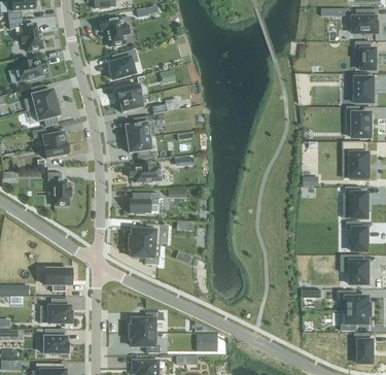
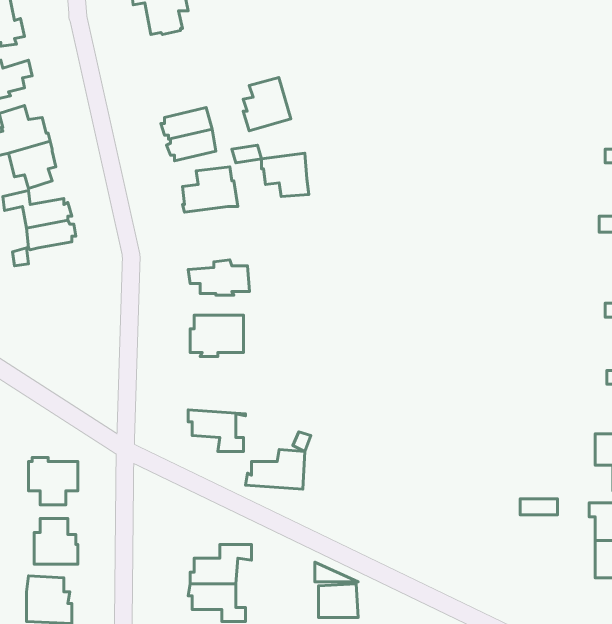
building: [109,52,134,79] -> [243,77,291,131]
building: [127,136,151,159] -> [261,153,309,197]
building: [47,172,70,205] -> none
building: [129,224,160,244] -> [246,449,305,489]

